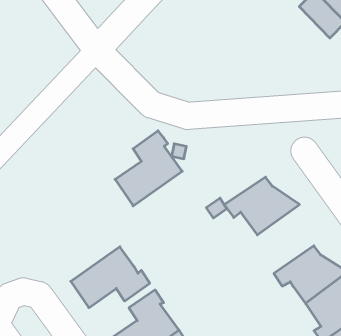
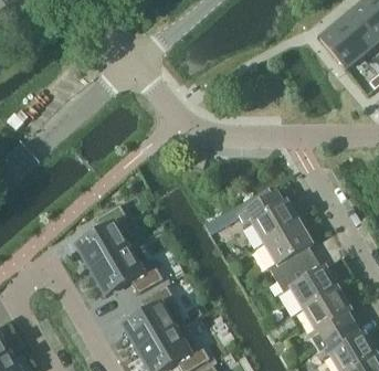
building: [115,131,182,206] -> [75,203,137,269]
building: none -> [263,218,314,278]

